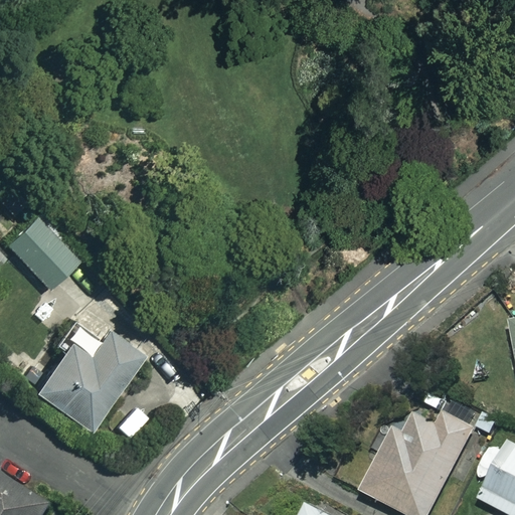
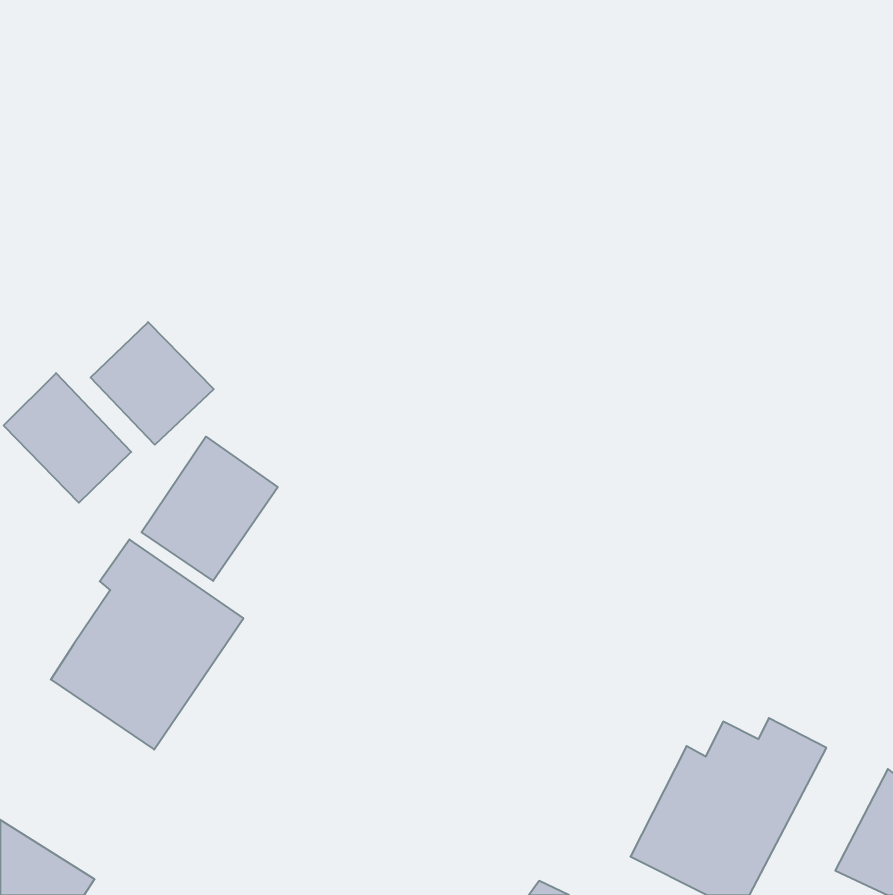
building: none -> [91,322,214,445]
building: none -> [142,437,278,581]

